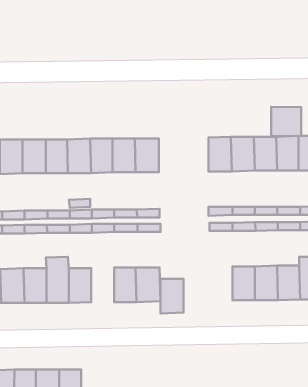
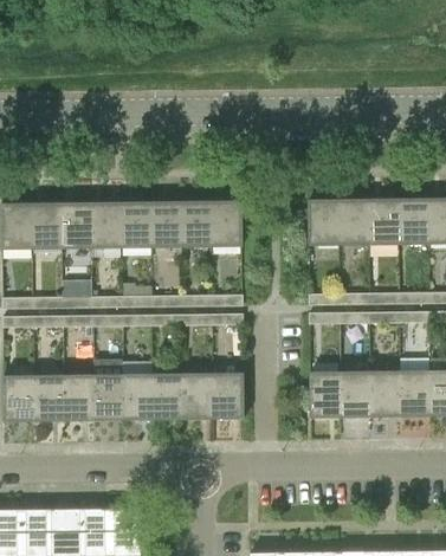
building: [271,107,301,136] -> none
building: none -> [150,373,181,419]
building: [160,279,184,314] -> [308,371,338,418]

